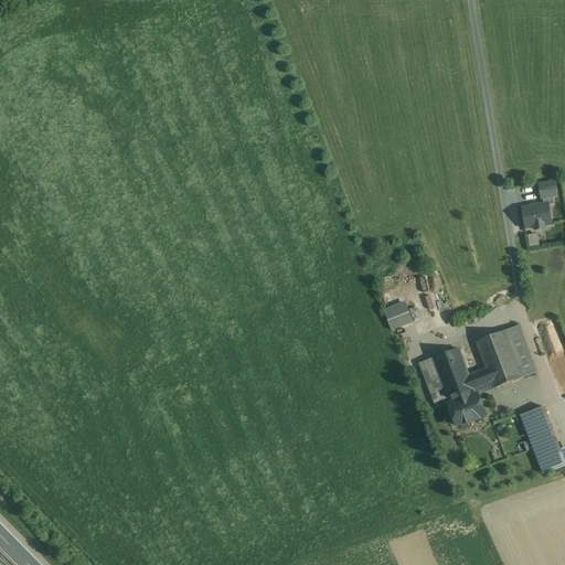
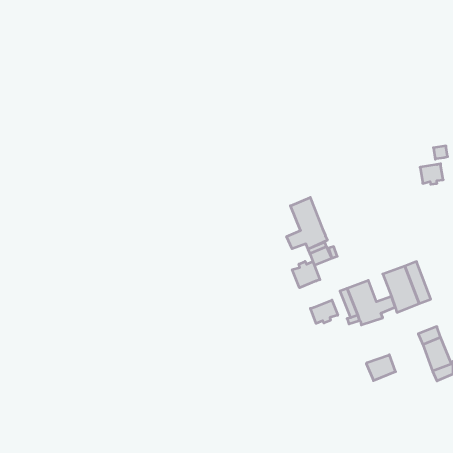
building: none -> [287,197,327,249]
building: none -> [292,261,320,288]
building: none -> [310,300,338,323]
building: [447,393,483,425] -> [366,355,396,381]

